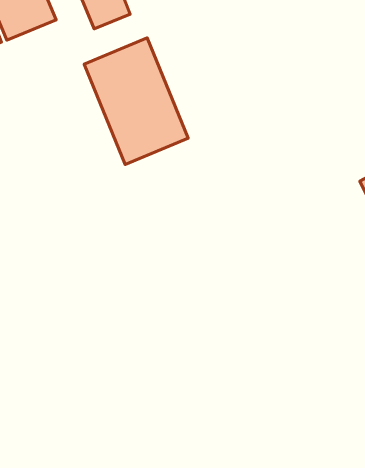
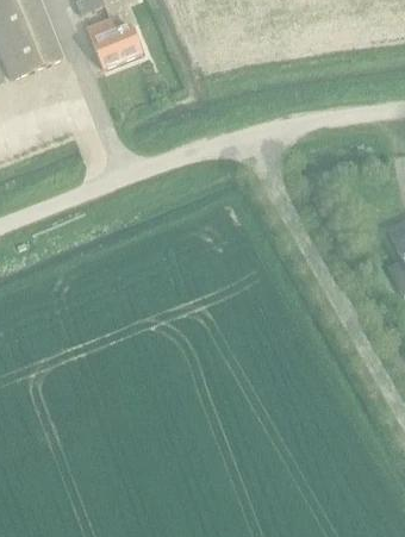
building: [84,38,188,165] -> none

